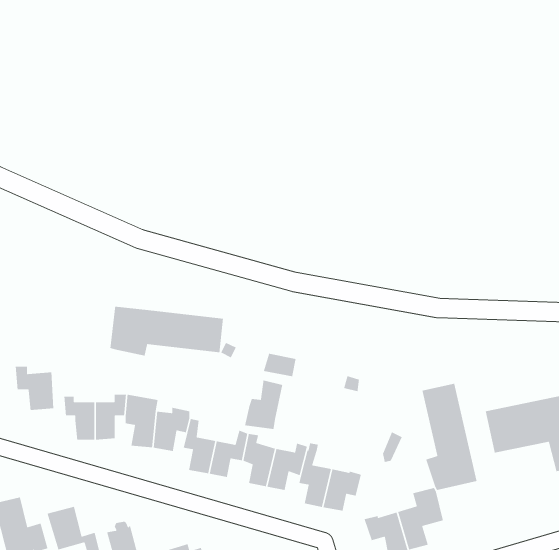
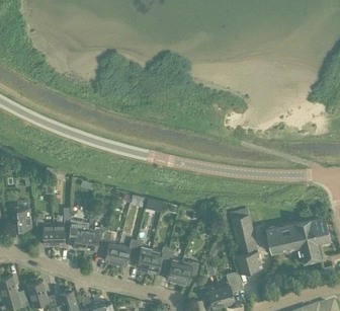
building: [110,306,224,357] -> none
building: [244,380,283,430] -> none

